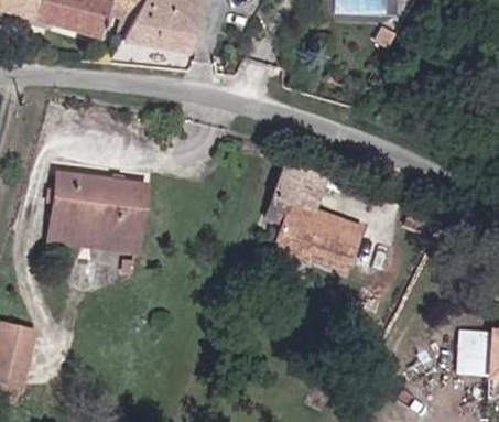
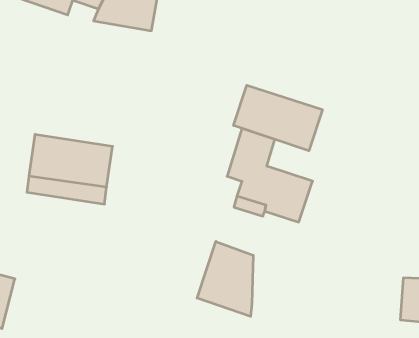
building: none -> [234,85,322,151]
building: none -> [197,241,253,316]

